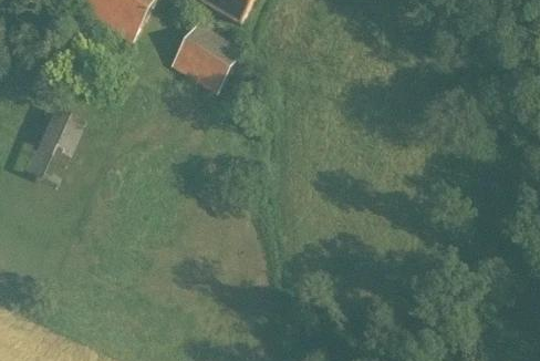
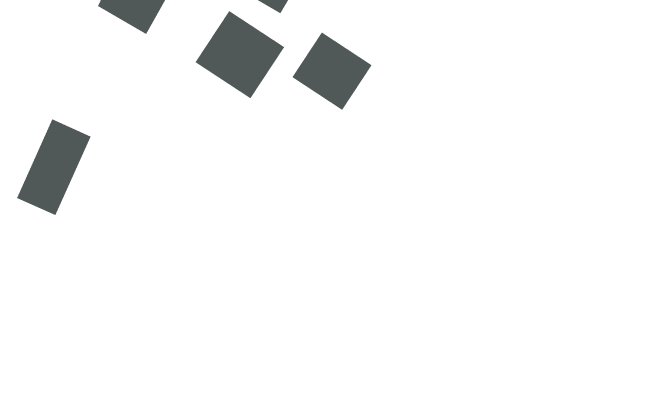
building: none -> [291,32,372,111]

